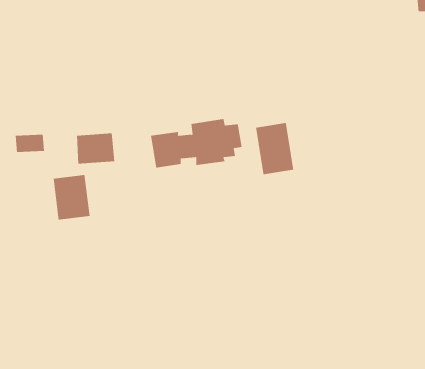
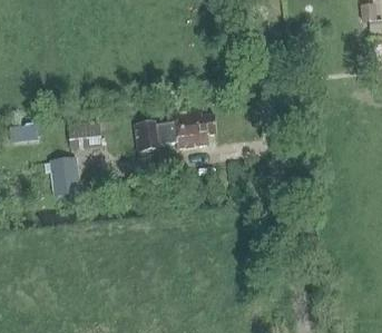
building: [256,122,294,175] -> none

